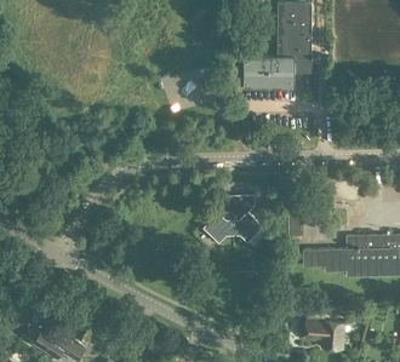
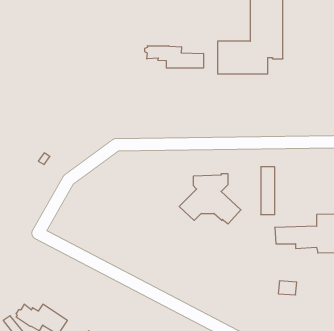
building: none -> [145,46,203,68]
building: [304,321,343,349] -> none

